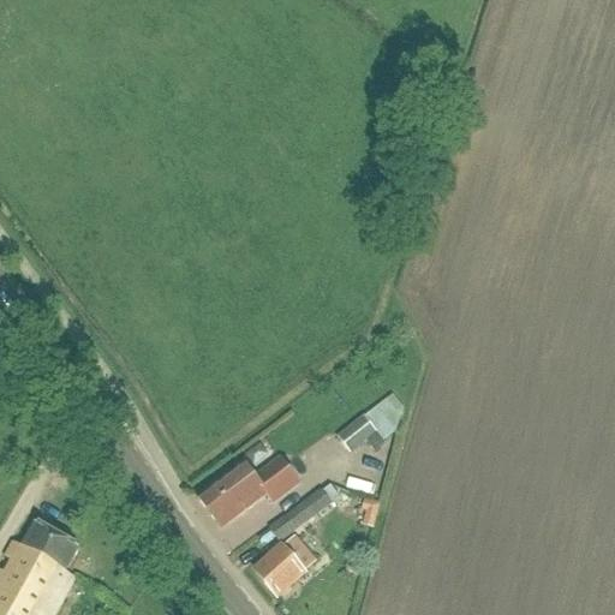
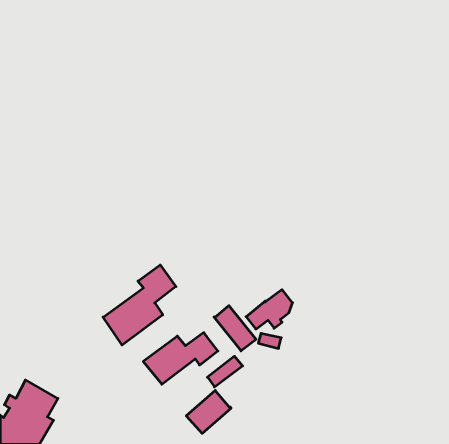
building: none -> [103,265,176,345]
building: none -> [214,306,256,351]

